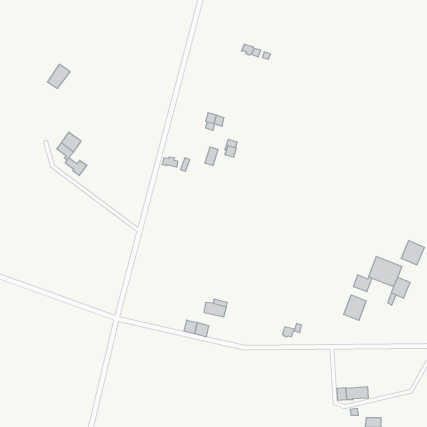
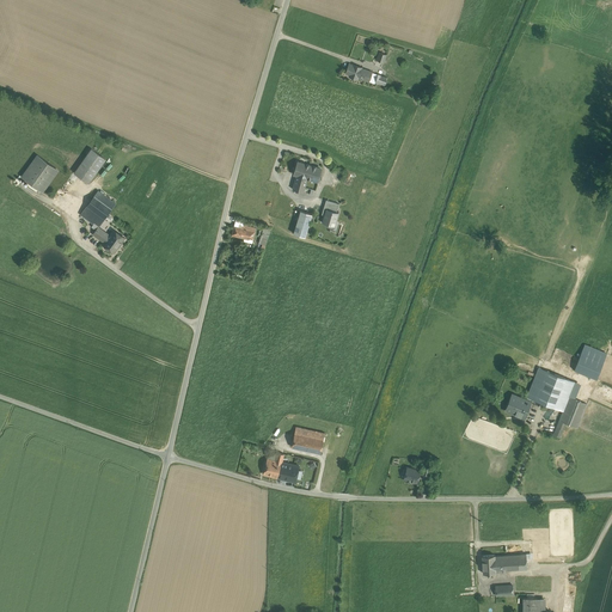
building: [47,64,70,88] -> [74,147,106,182]
building: none -> [22,154,59,190]
building: [344,295,366,320] -> none

